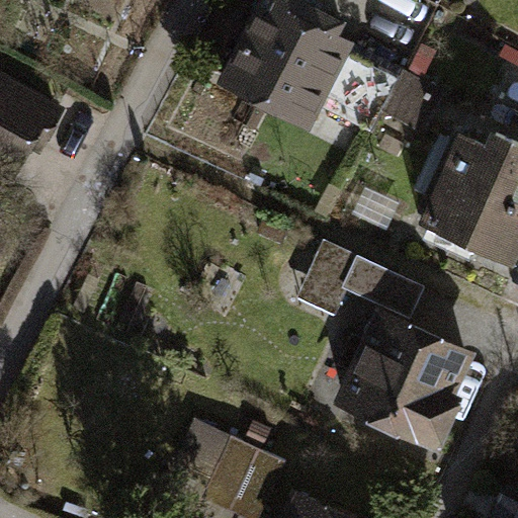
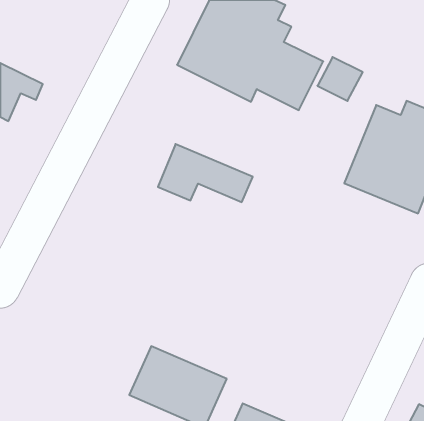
building: [297,242,412,312] -> [158,144,253,202]
building: [346,317,470,436] -> none

